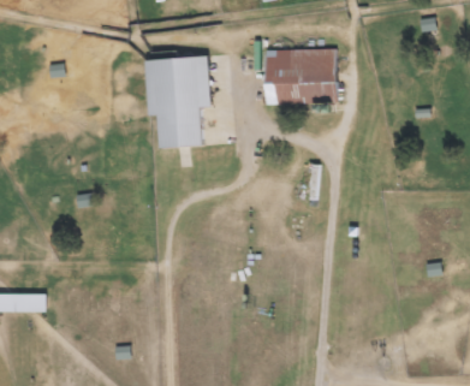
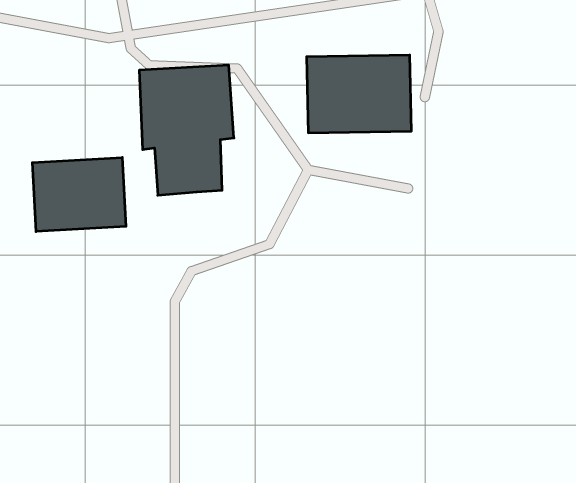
building: none -> [32,157,126,232]

